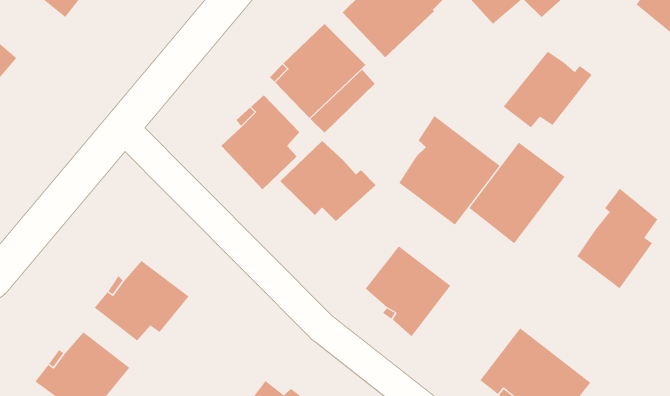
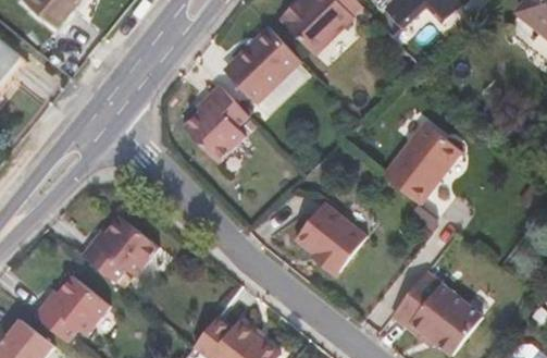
building: [503,51,592,128] -> none
building: [398,115,500,225] -> none
building: [280,140,376,222] -> none
building: [577,188,658,289] -> none

